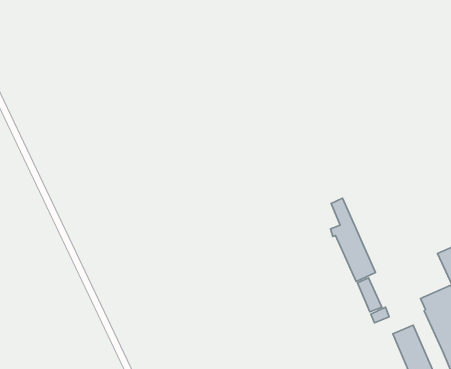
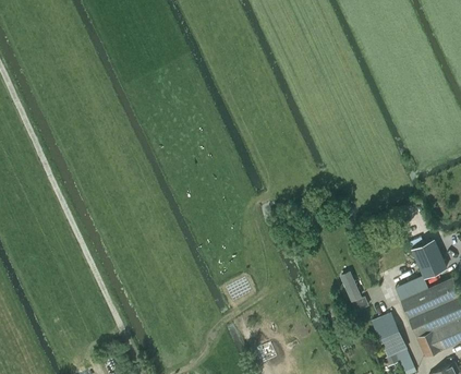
building: [330,198,376,282] -> none

